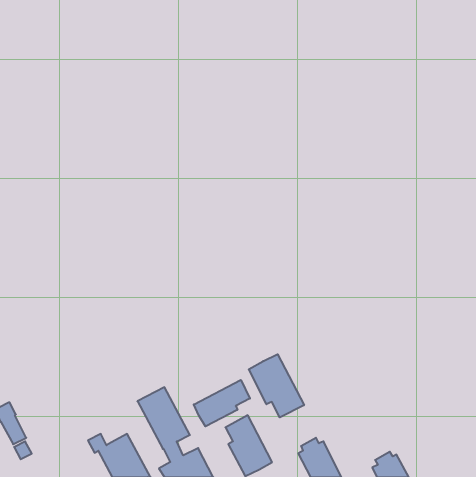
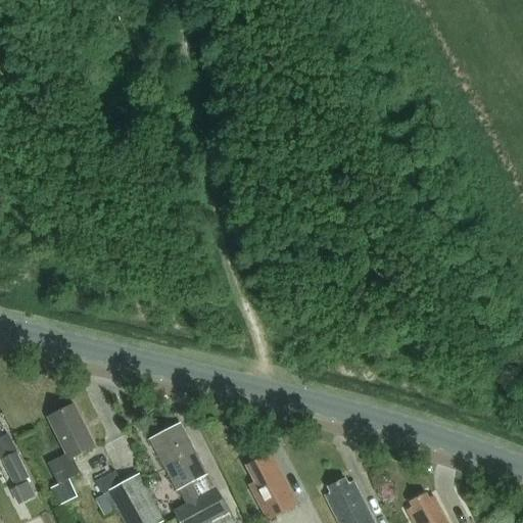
building: [249,354,304,417] -> none
building: none -> [47,405,95,484]
building: [194,380,250,426] -> none

